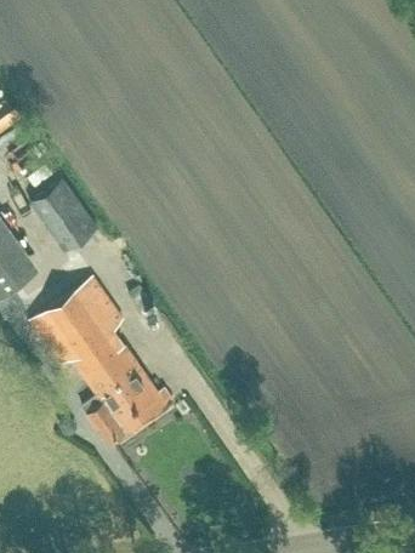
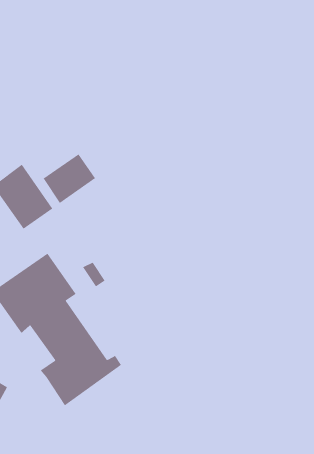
building: none -> [43,154,96,204]

